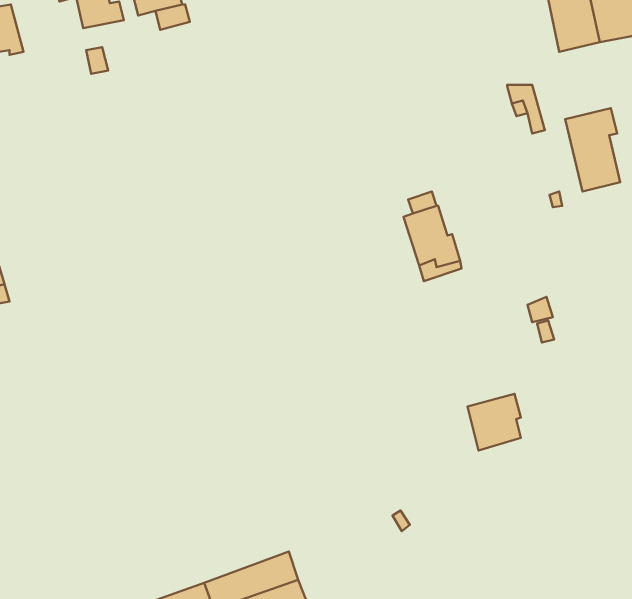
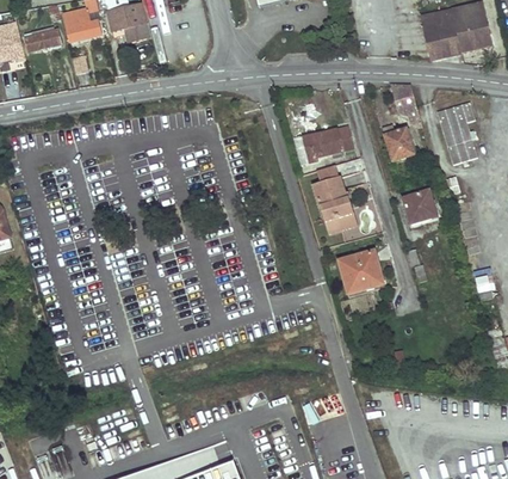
building: none -> [24,27,60,51]
building: none -> [382,124,414,160]
building: none -> [295,125,354,164]
building: none -> [402,189,433,223]
building: [467,394,521,450] -> [339,250,379,293]

